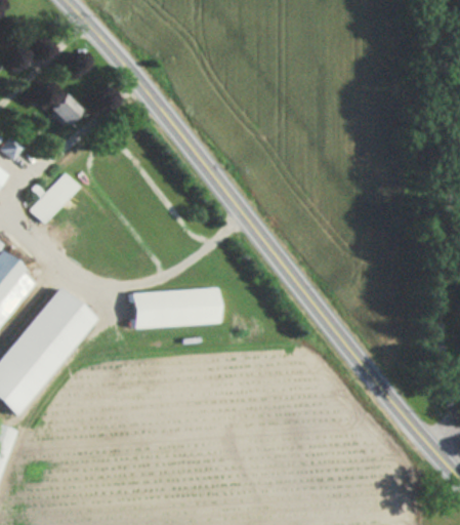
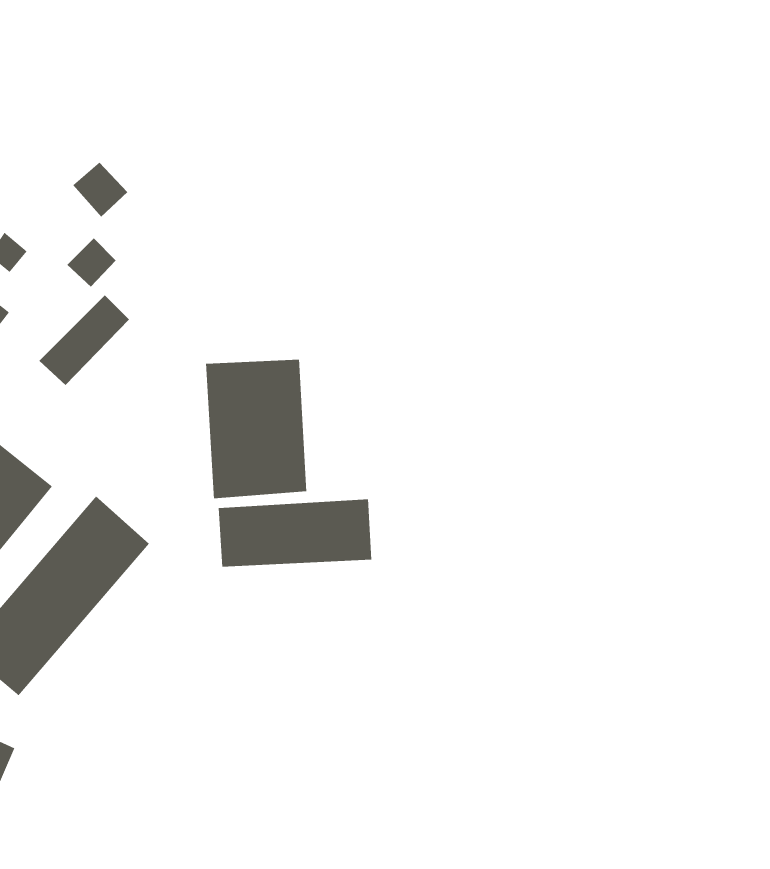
building: none -> [67,238,116,288]
building: none -> [205,359,307,499]

